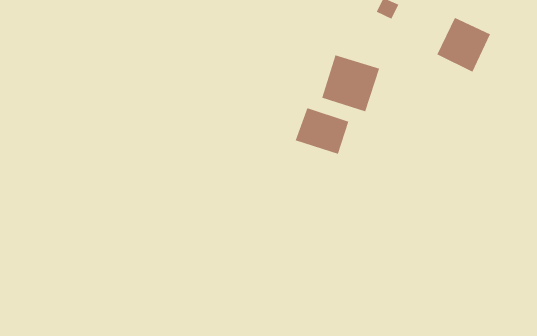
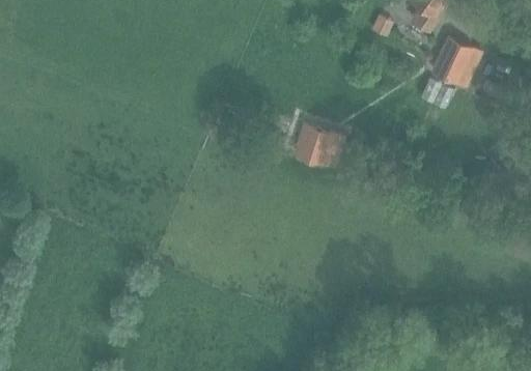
building: [322,55,380,112] -> none

